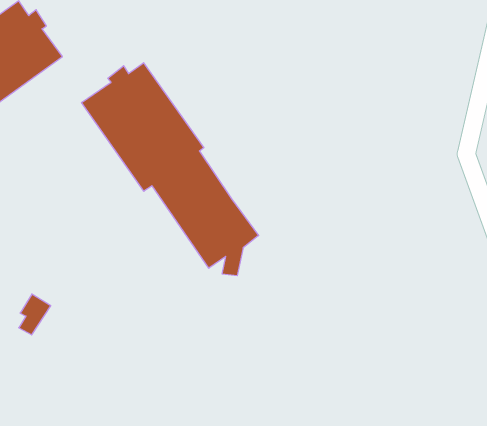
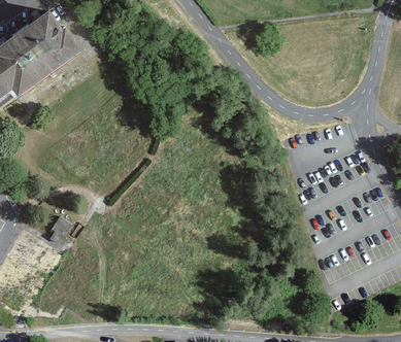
building: [82,63,259,276] -> none

